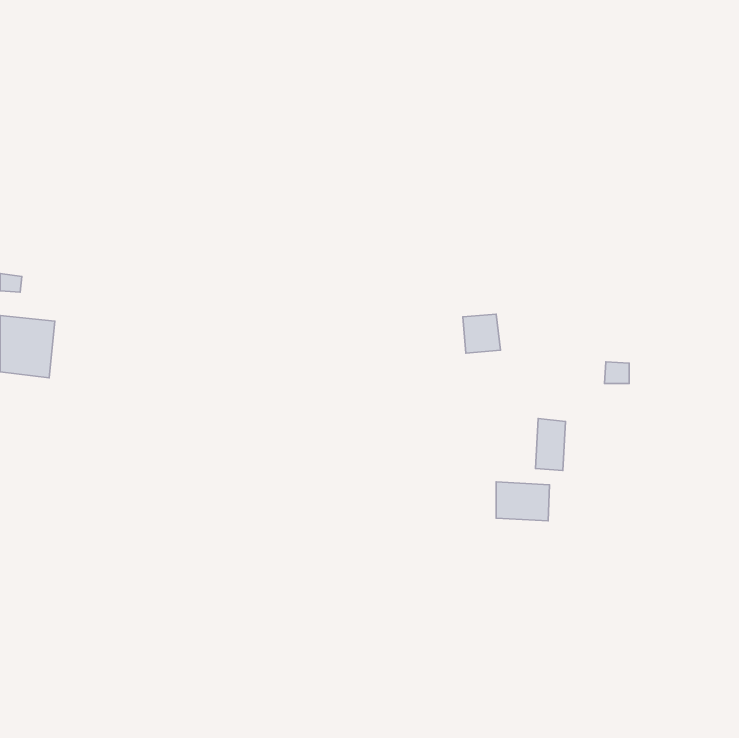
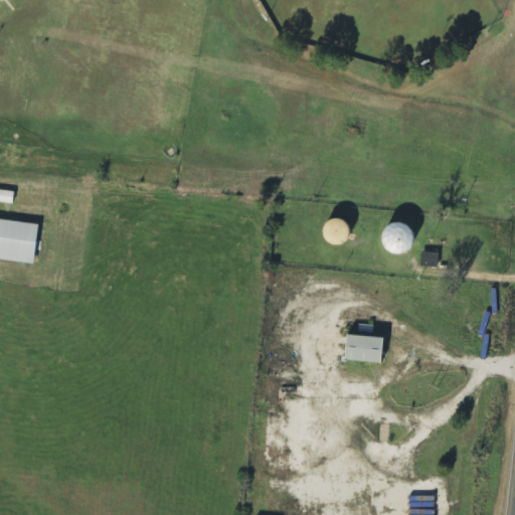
building: none -> [376,217,416,256]
building: [535,418,565,471] -> none

